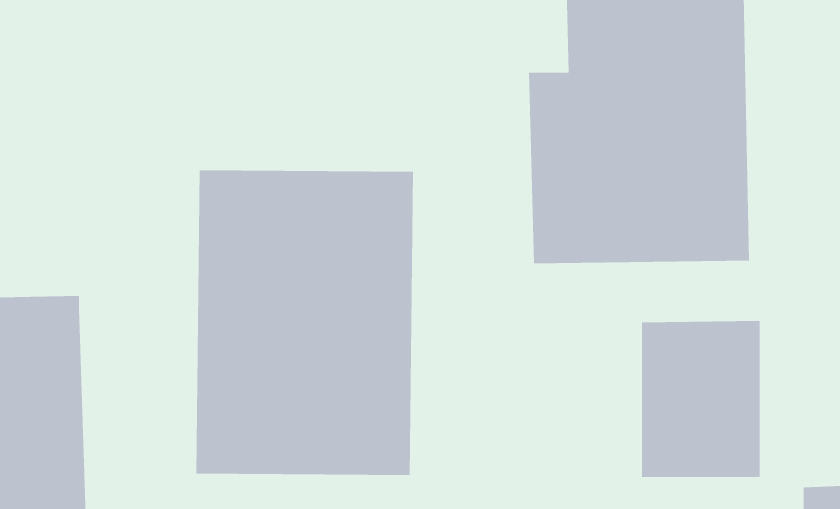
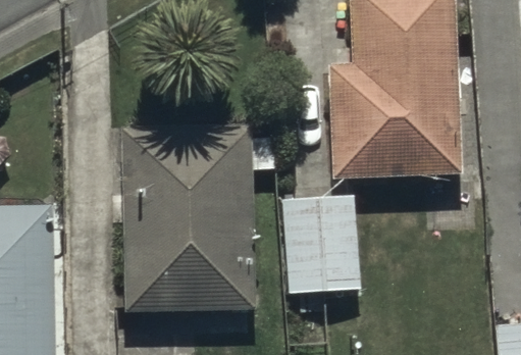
building: [641,320,760,477] -> [285,195,359,292]

